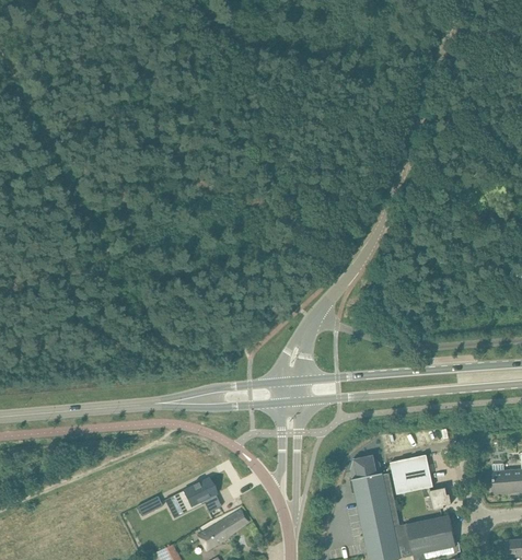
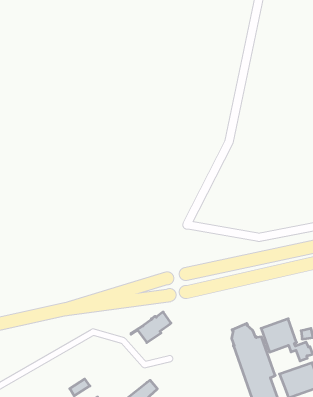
building: [163,478,216,514] -> [131,312,171,343]

